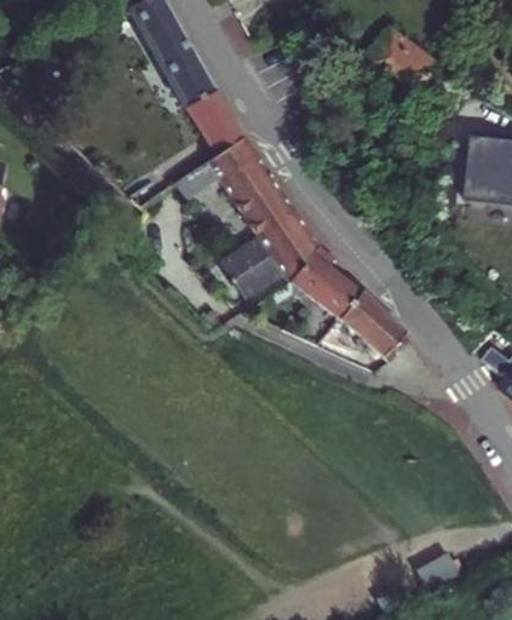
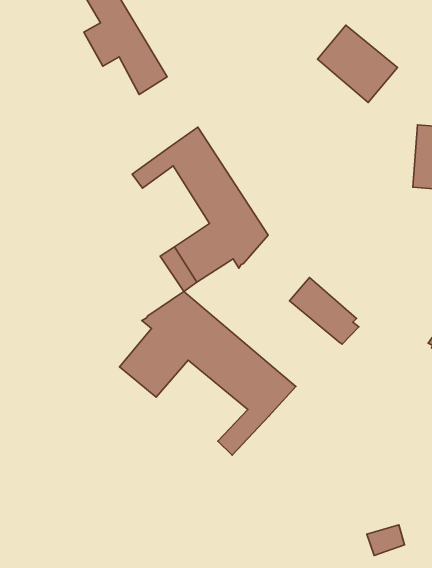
building: [185,85,246,157] -> none
building: [293,245,361,316] -> none
building: none -> [119,292,296,455]

